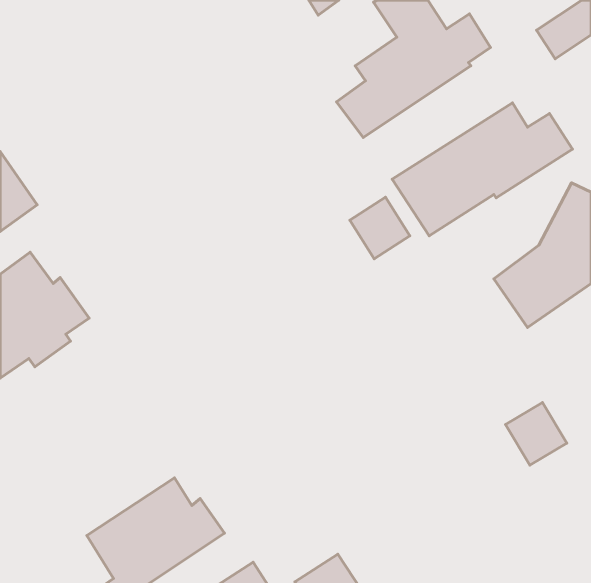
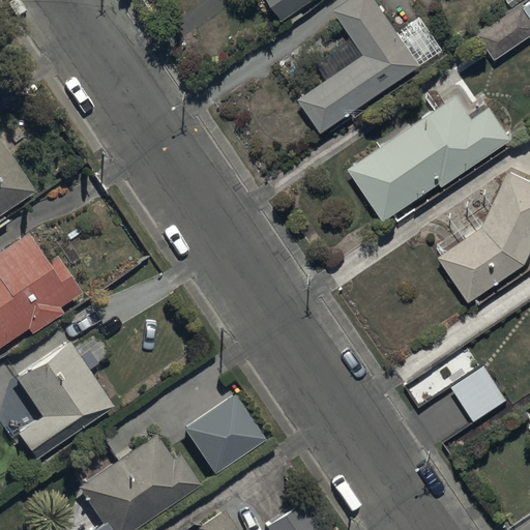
building: [350,197,410,259] -> none
building: none -> [14,342,113,460]
building: none -> [183,394,265,474]

